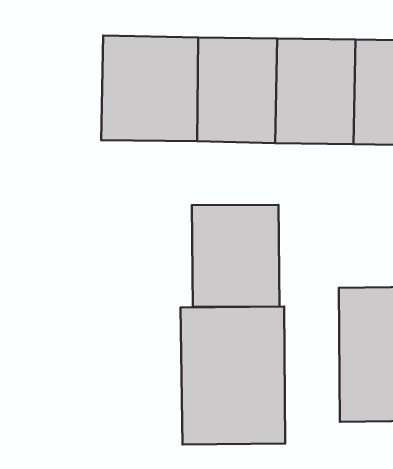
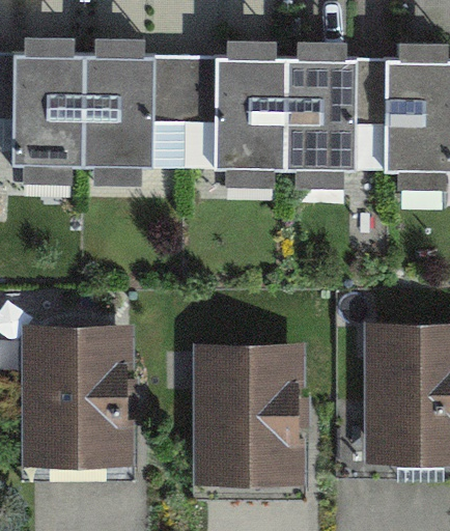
building: none -> [11,56,115,168]
building: [192,205,279,307] -> none
building: none -> [22,326,135,464]

